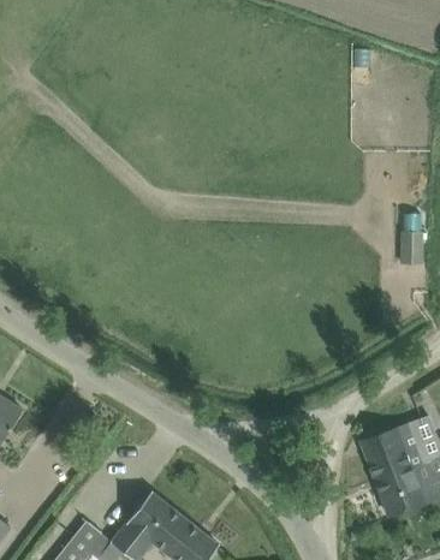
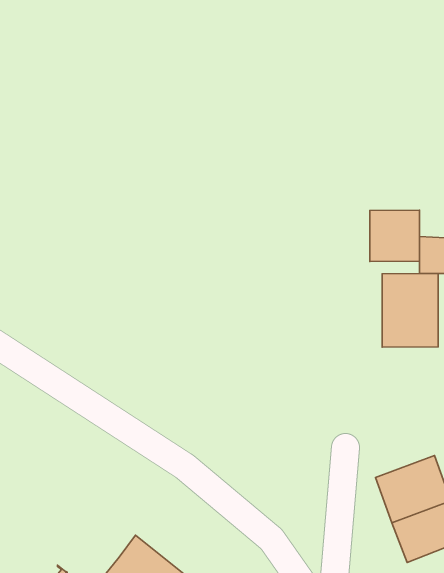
building: none -> [370,210,419,262]
building: none -> [382,273,438,347]

